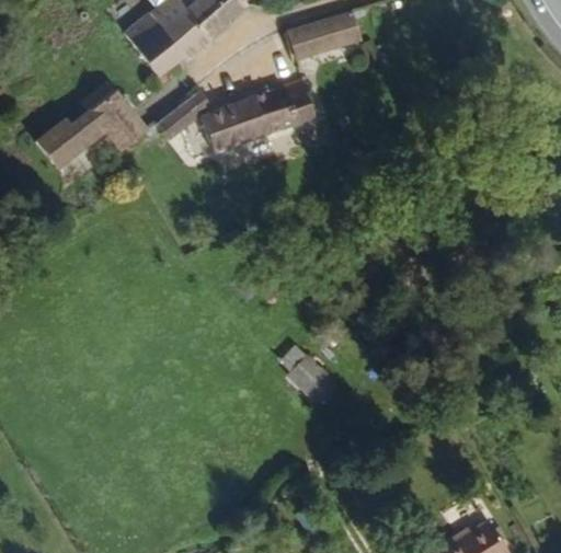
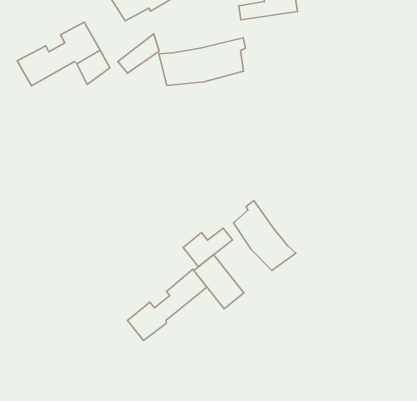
building: none -> [234,201,296,270]
building: none -> [183,228,232,267]
building: none -> [128,269,207,341]

